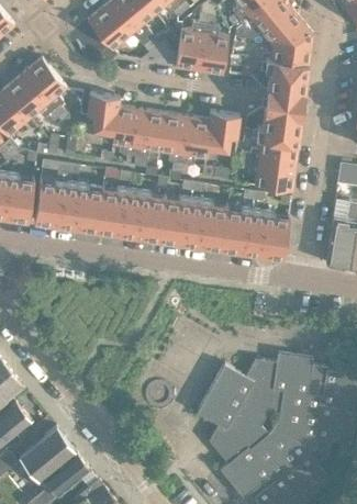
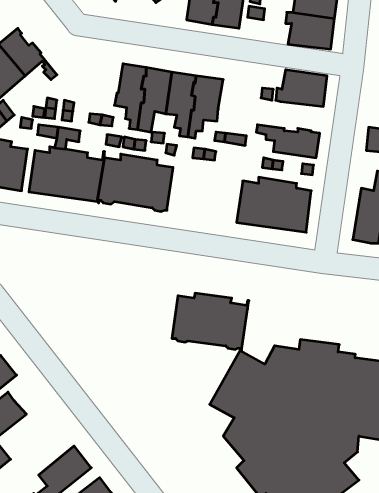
building: [24,59,66,116] -> none
building: [264,89,305,117] -> none
building: [87,93,120,133] -> none
building: [204,112,239,150] -> none
building: [239,141,299,169] -> none
building: [158,198,227,249] -> [172,293,249,351]
building: [19,427,75,477] -> none

